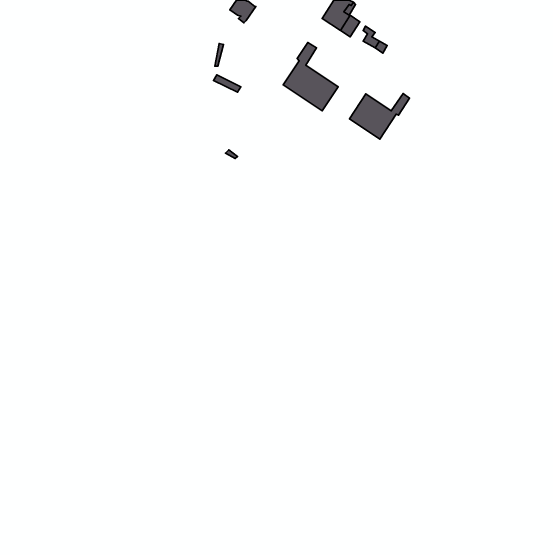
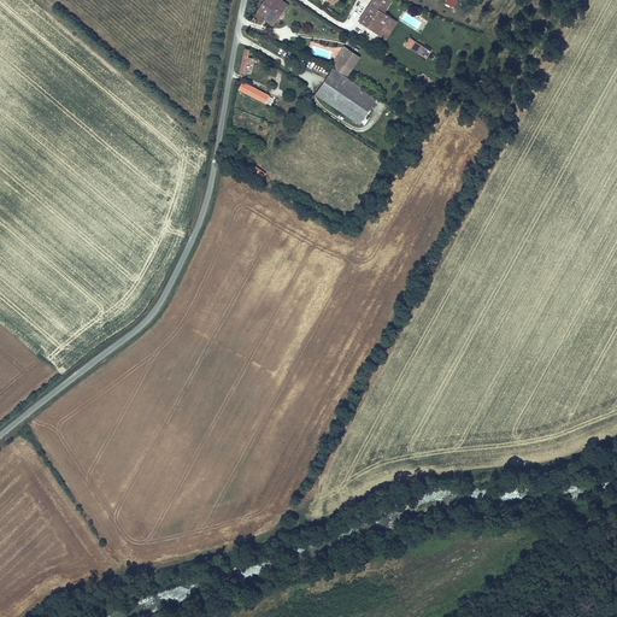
building: [349,94,409,139] -> none

